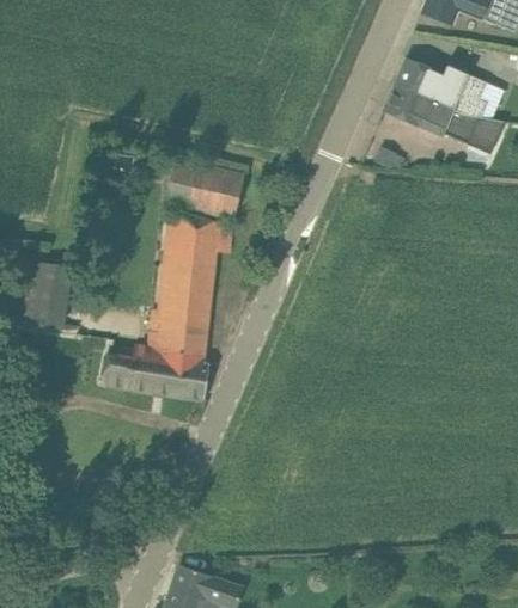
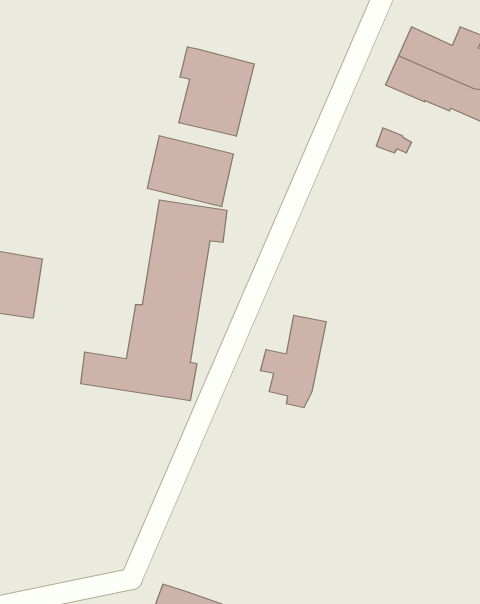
building: none -> [179,47,254,136]
building: none -> [261,315,326,408]

